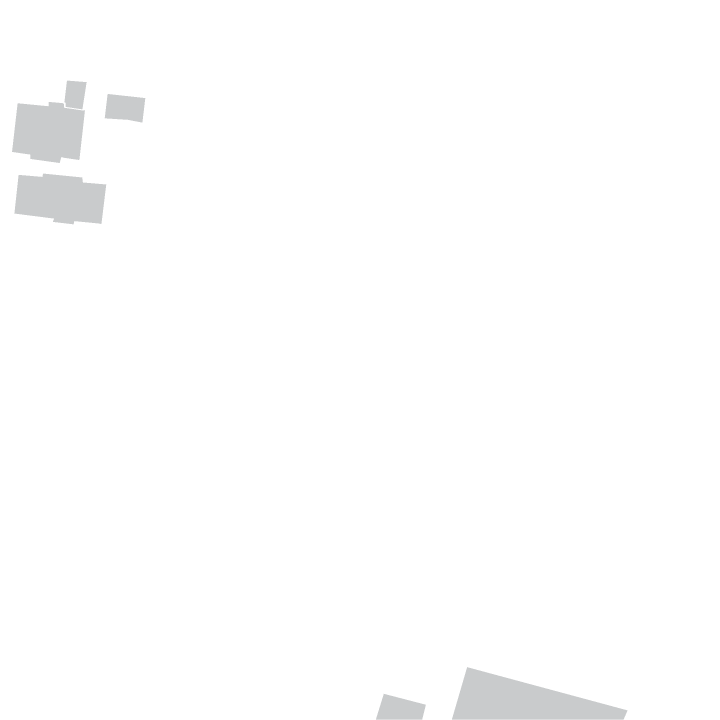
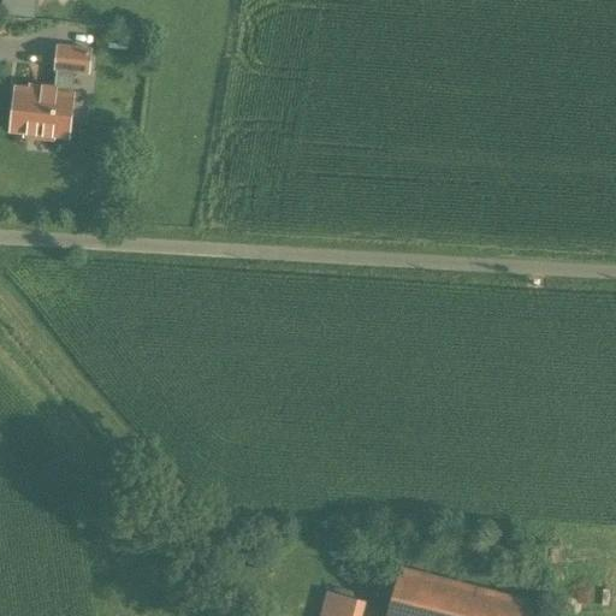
building: [104,93,146,123] -> [54,47,90,72]
building: [14,173,107,225] -> none

